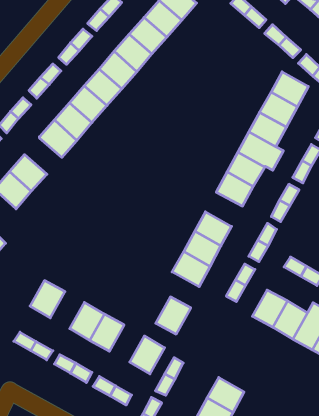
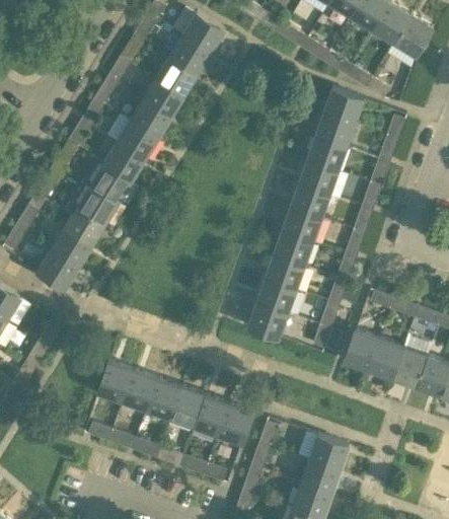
building: none -> [64,201,105,245]
building: none -> [273,233,312,268]
building: none -> [123,370,157,410]
building: [156,297,191,334] -> [194,395,229,435]

